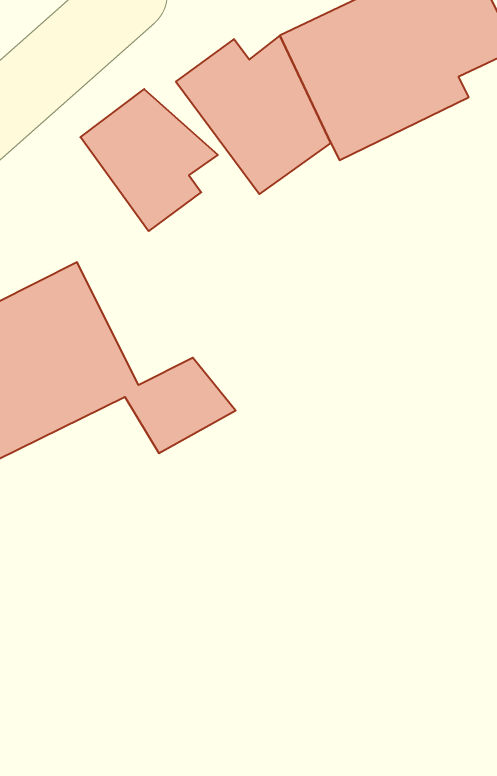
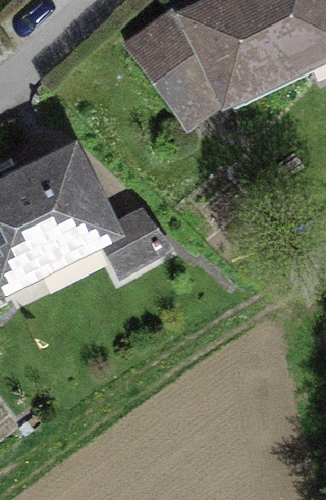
building: [80,89,218,231] -> none

